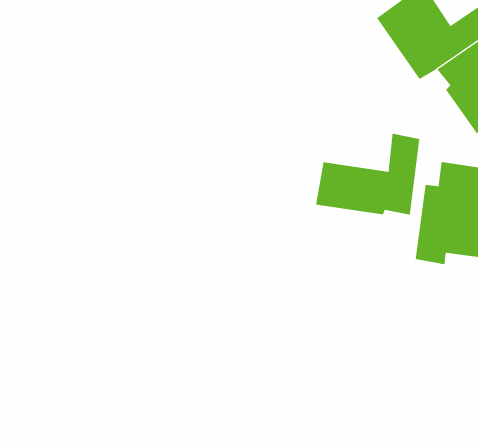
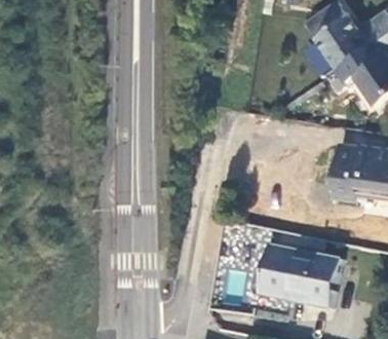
building: [316,133,420,216] -> none
building: none -> [258,246,343,311]

